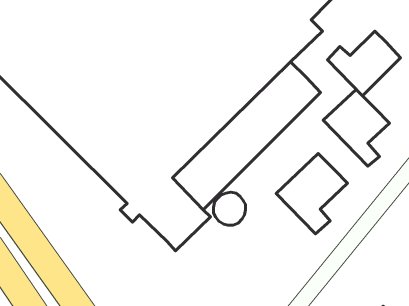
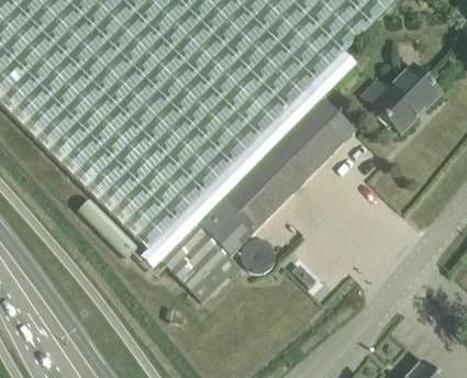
building: [323,89,389,166] -> none
building: [276,154,347,234] -> none

